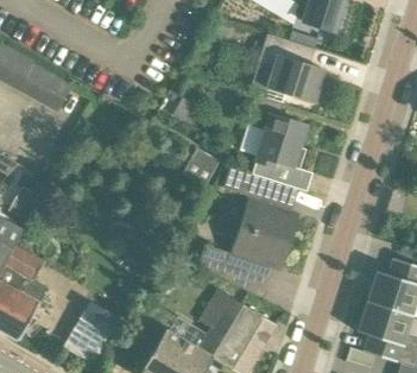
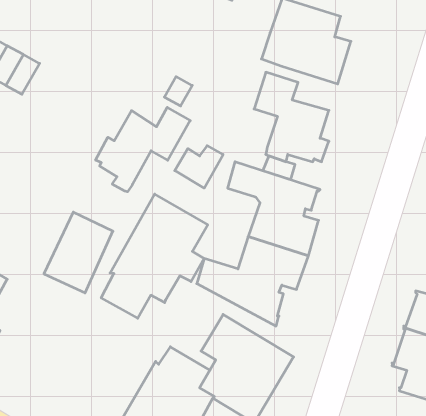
building: none -> [96,107,190,192]
building: none -> [101,194,208,318]
building: [61,298,116,363] -> [44,212,113,293]

